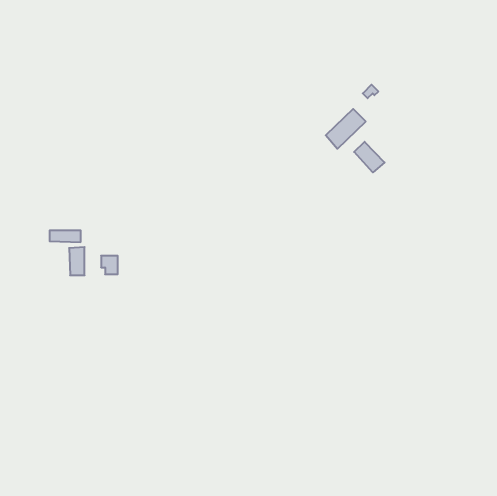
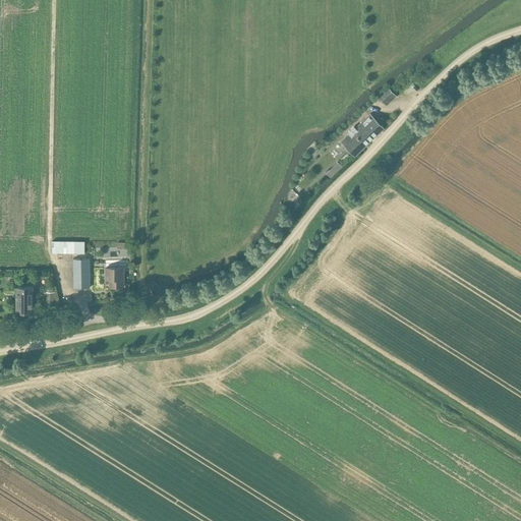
building: [354,142,385,172] -> none
building: none -> [16,288,33,312]

